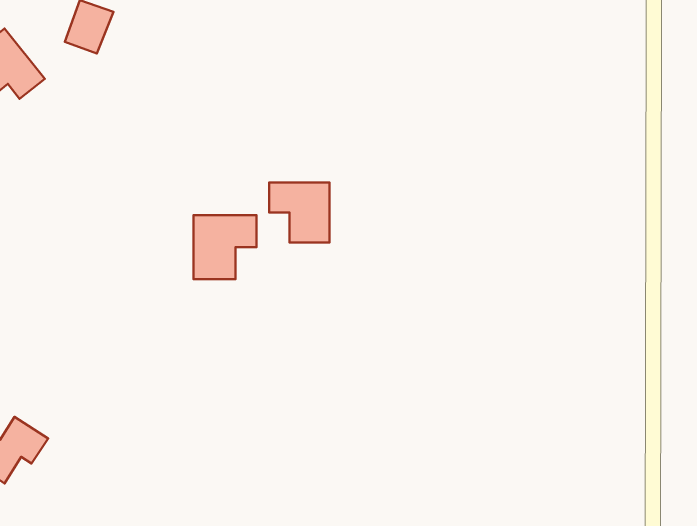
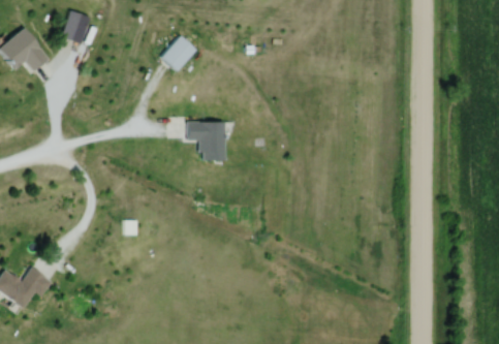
building: none -> [161,35,197,71]
building: [193,215,257,279] -> none

